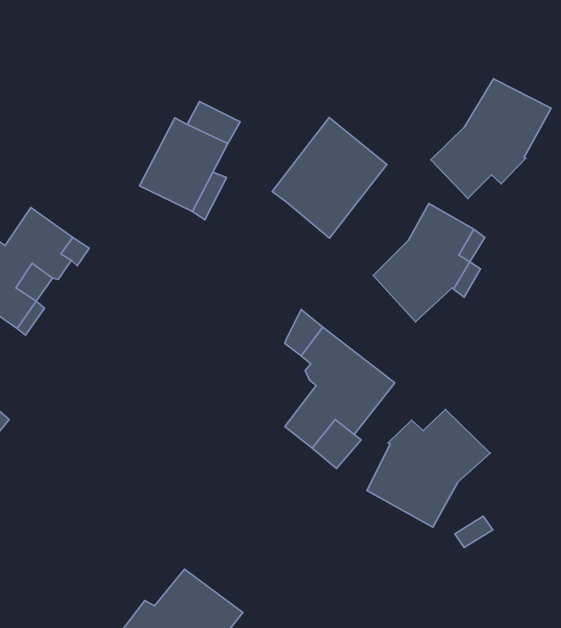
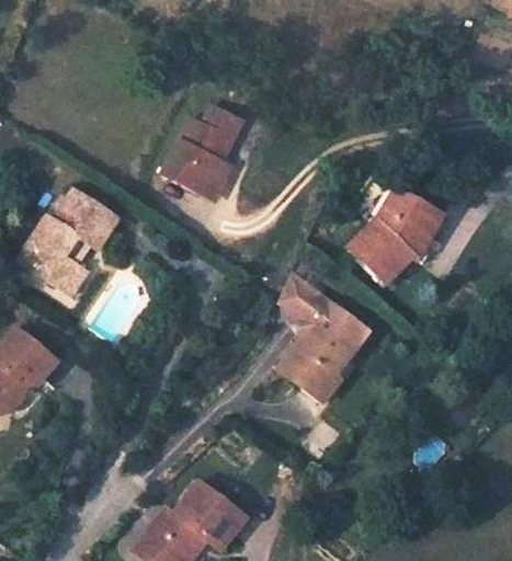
building: [431,79,551,198] -> none
building: [272,118,387,238] -> none
building: [367,409,490,527] -> none

